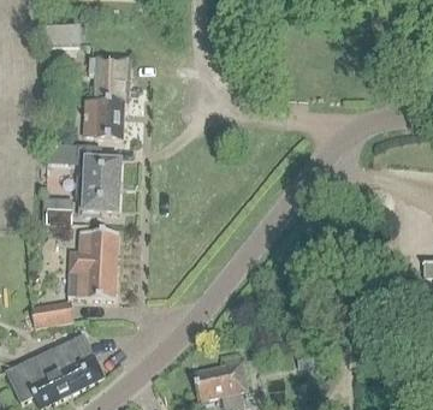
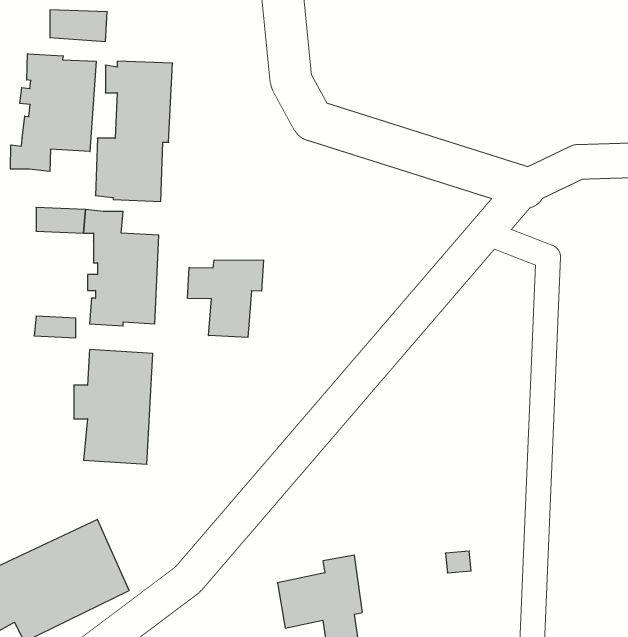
building: none -> [10,54,96,171]
building: none -> [188,260,263,337]
building: [30,299,75,327] -> none

